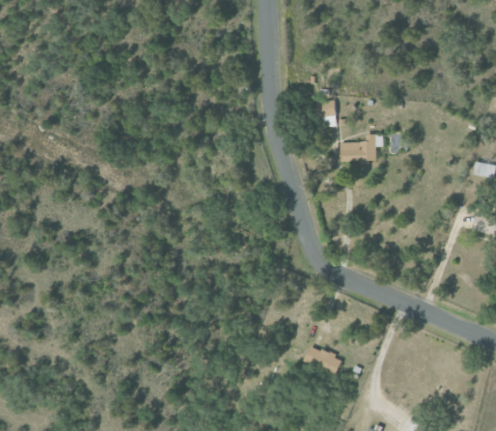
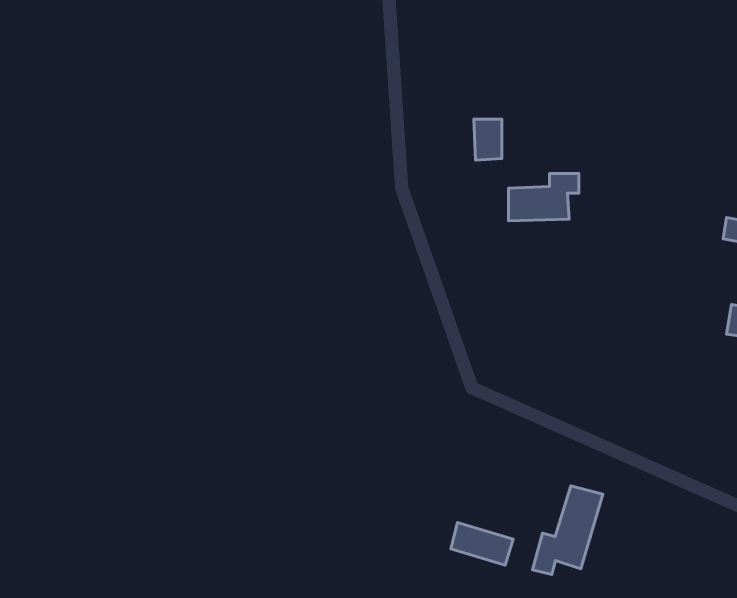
building: none -> [533,486,603,575]

